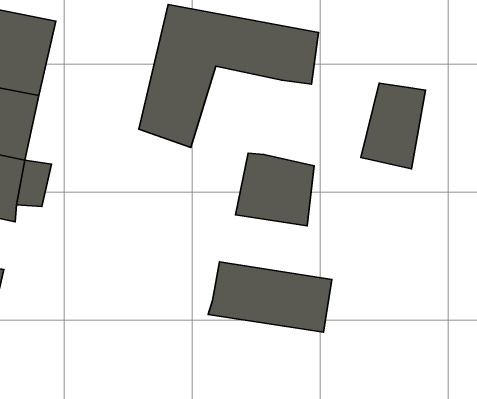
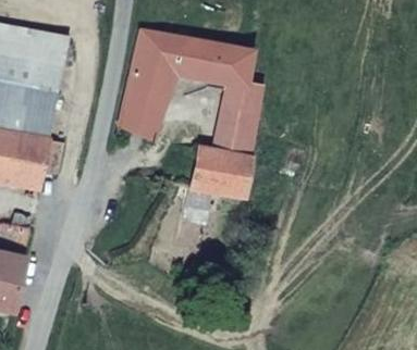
building: [361,83,425,169] -> [221,83,271,149]
building: [208,262,332,332] -> none

